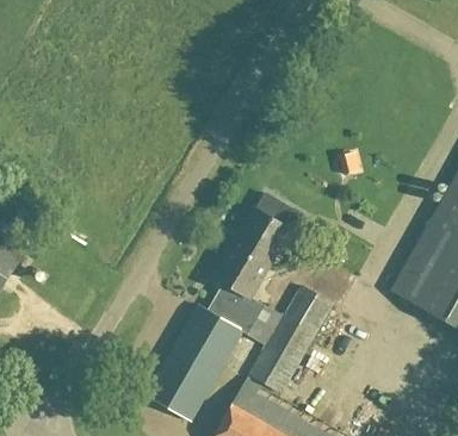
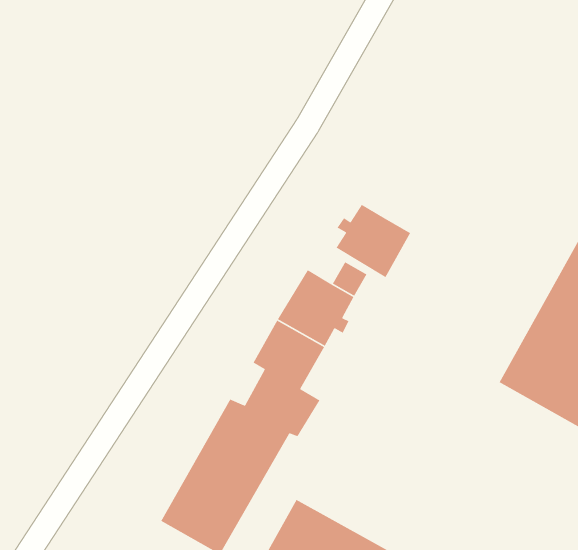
building: none -> [335,204,411,278]
building: [248,285,334,394] -> none

